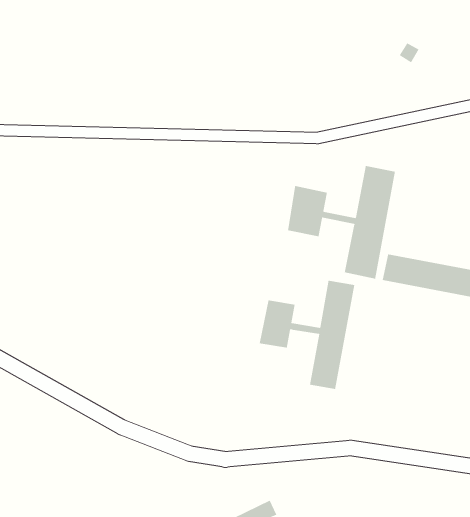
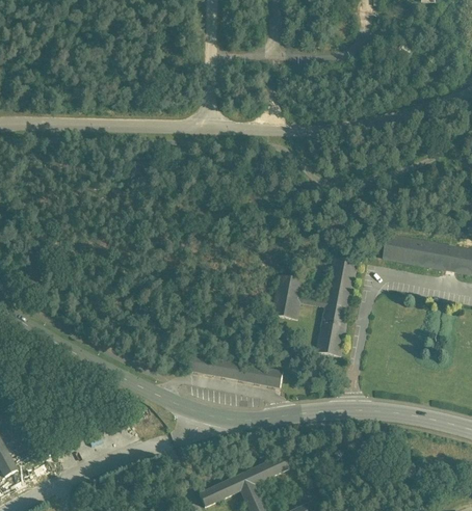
building: [288,165,396,279] -> none
building: none -> [187,354,284,386]

